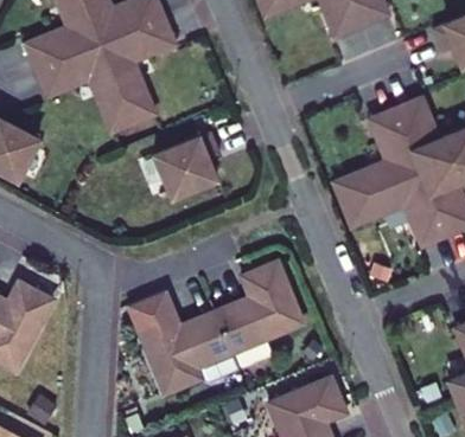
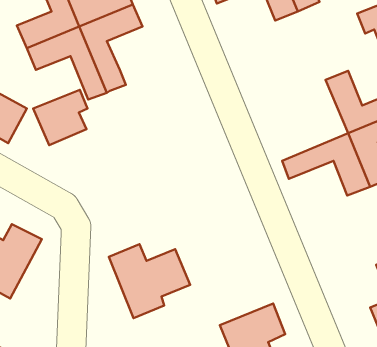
building: [333,108,422,205] -> none
building: [154,131,219,198] -> [33,90,88,145]
building: [215,261,305,353] -> none

